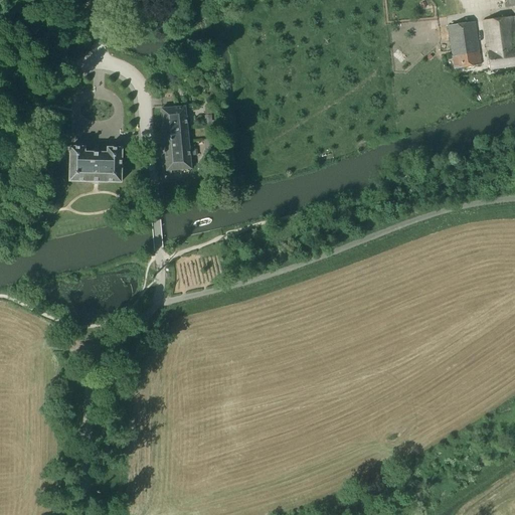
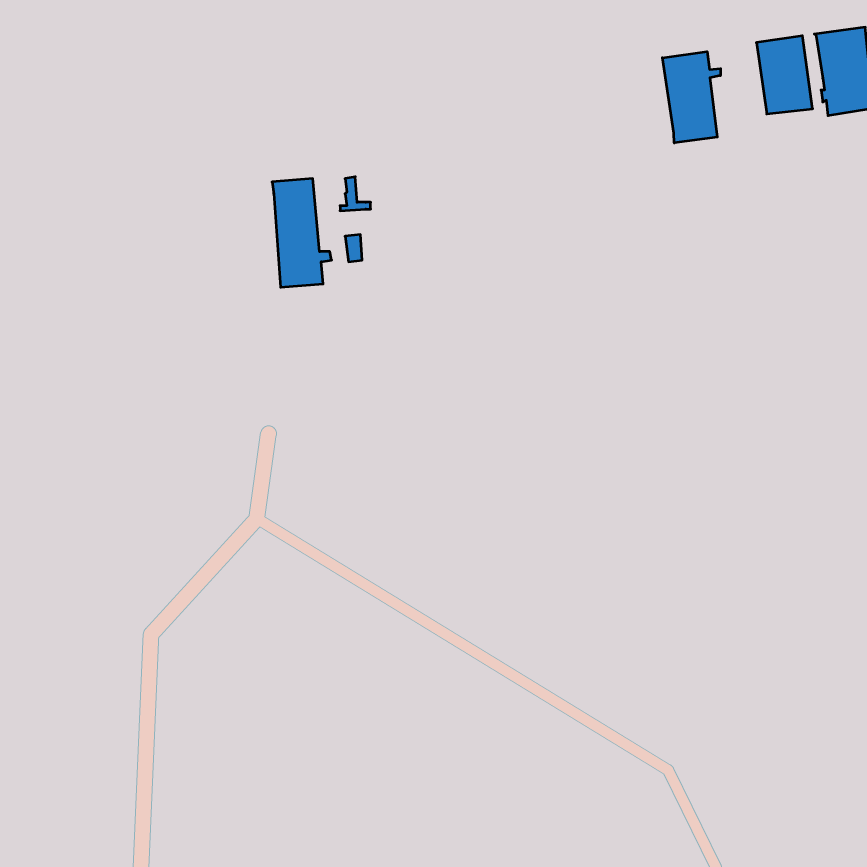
building: none -> [662,52,721,143]
building: [54,146,123,181] -> none

